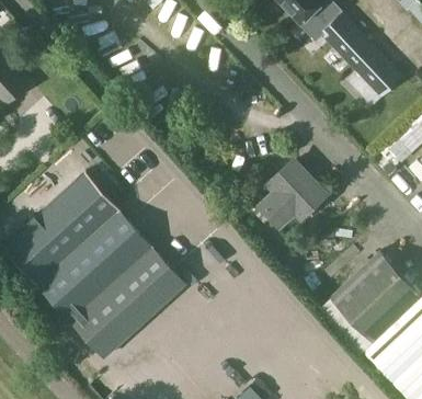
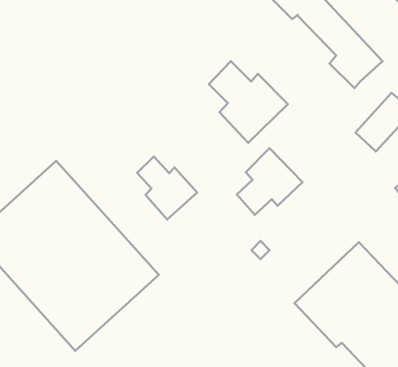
building: none -> [209,61,288,143]
building: none -> [137,157,197,220]

